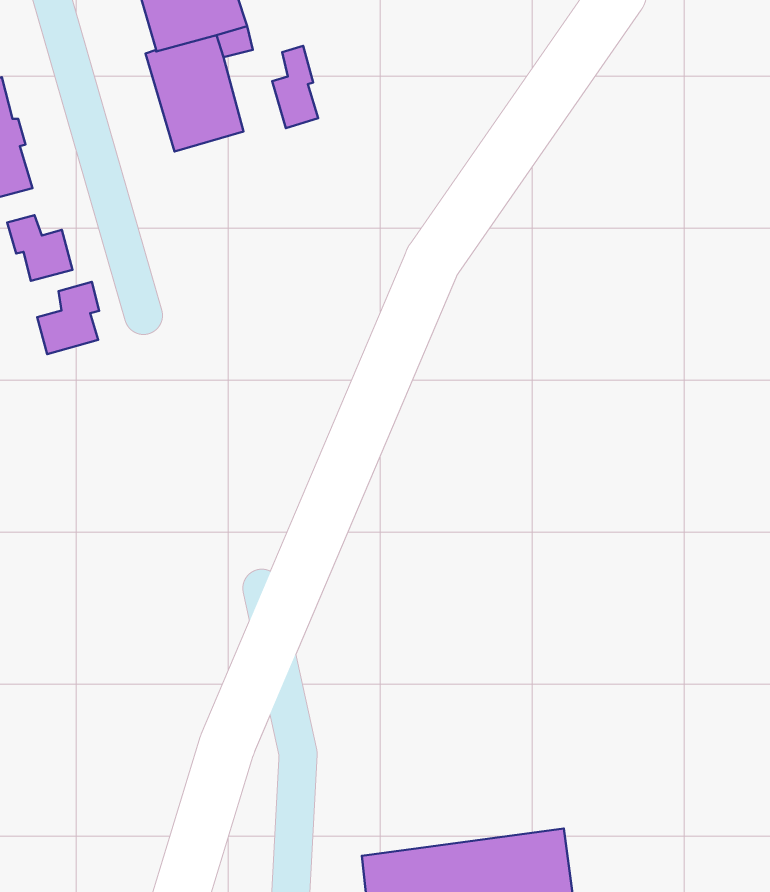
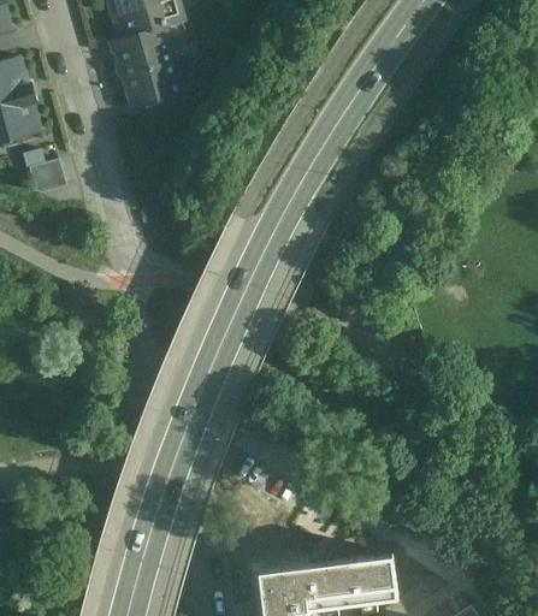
building: [272,46,318,128] -> none
building: [37,282,99,354] -> none

